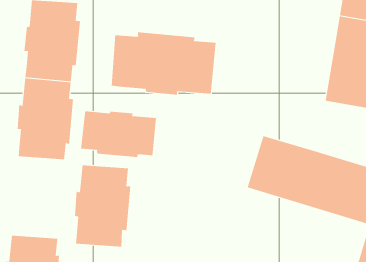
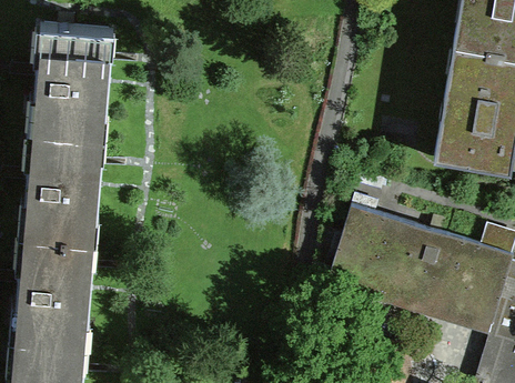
building: [111,31,216,96] -> none
building: [80,111,156,158] -> none
building: [74,165,131,247] -> [18,234,93,343]

